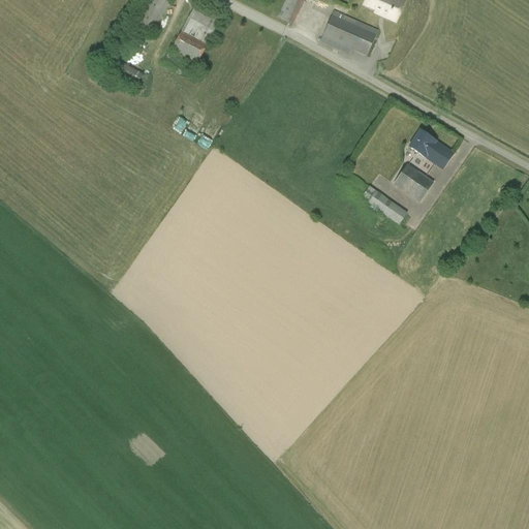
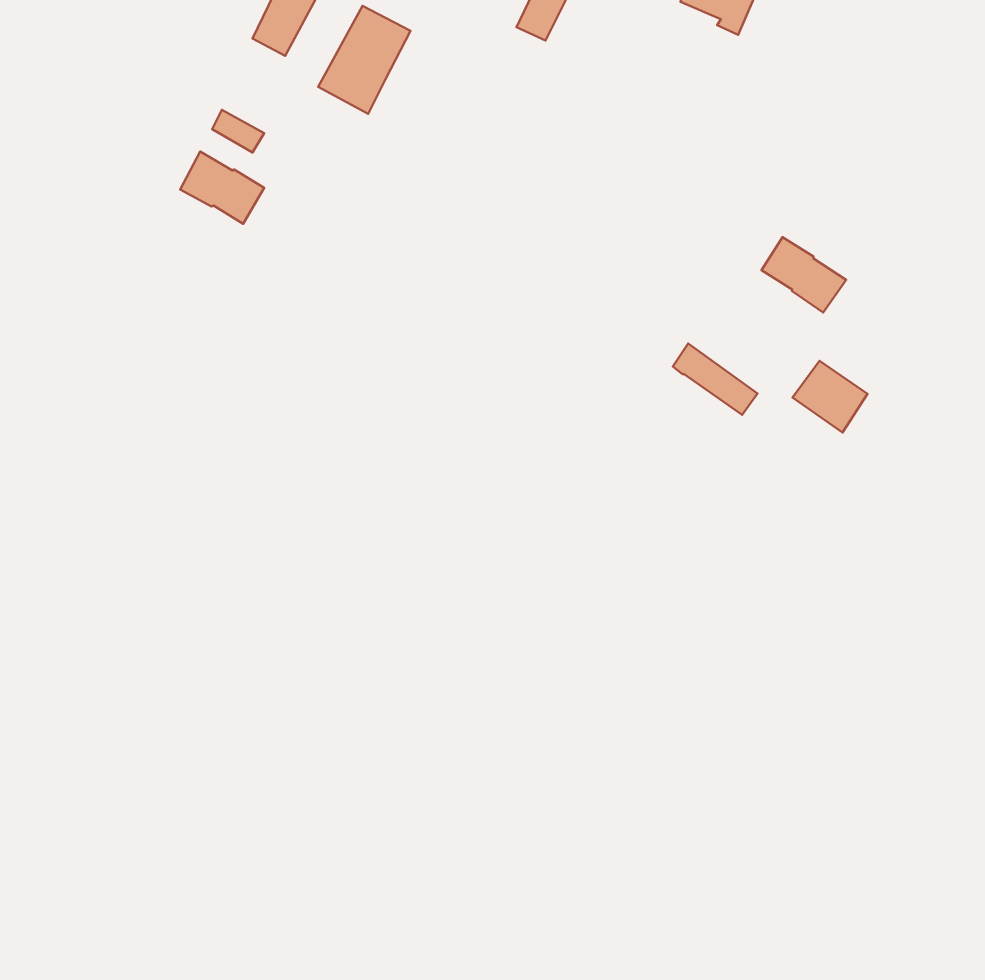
building: [320,8,378,54] -> none
building: none -> [180,152,264,224]
building: [393,162,433,200] -> [792,361,868,432]

